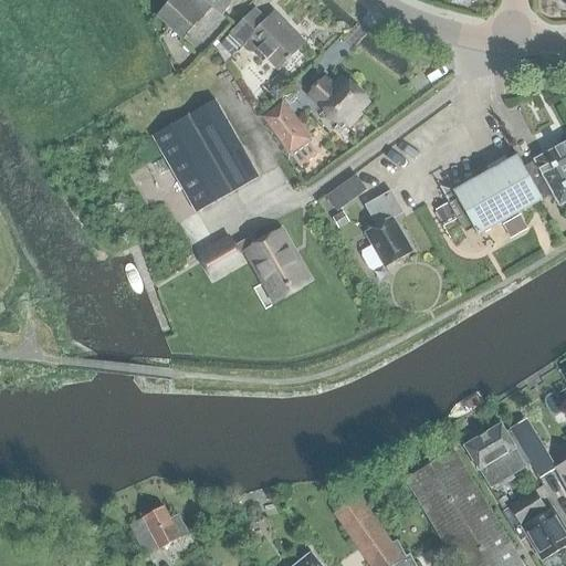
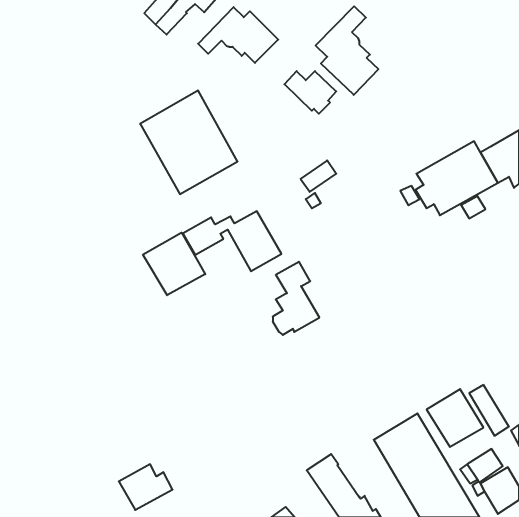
building: none -> [316,6,378,95]
building: [262,101,311,154] -> none
building: [361,190,412,270] -> [273,262,319,335]
building: none -> [143,233,205,295]

